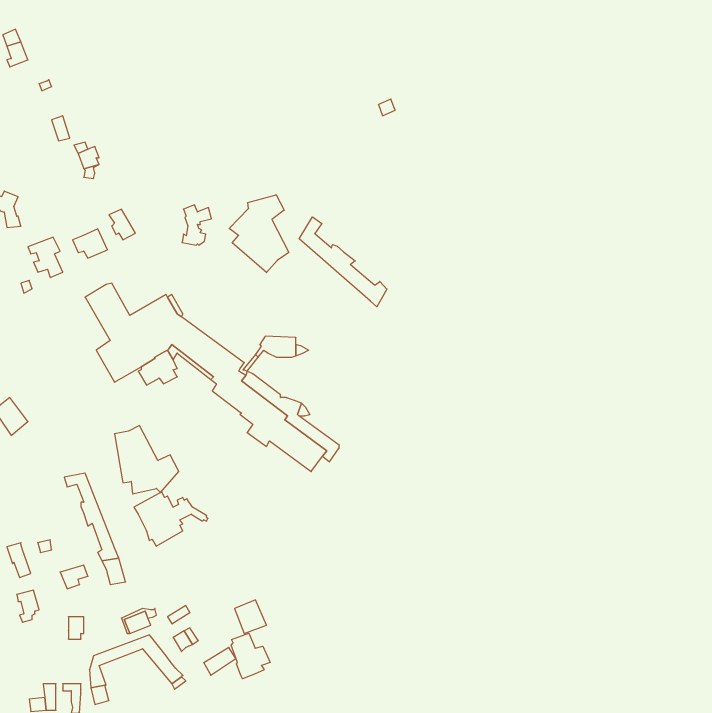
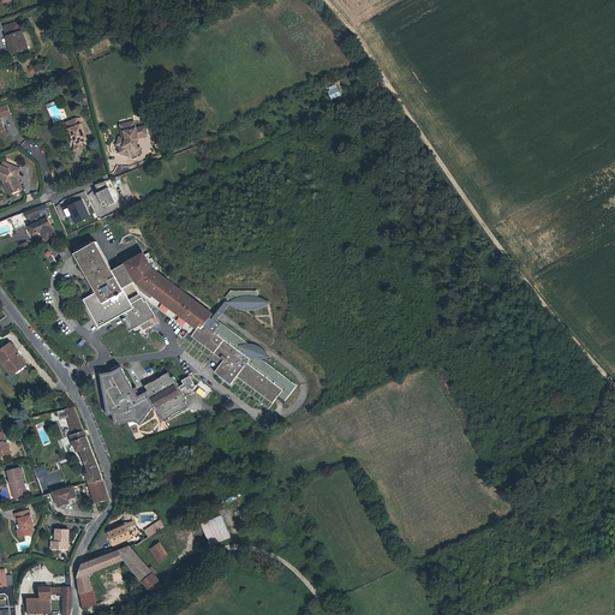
building: [229,195,289,273] -> none
building: [182,205,211,245] -> [121,123,147,157]
building: [299,217,387,307] -> none
building: [134,492,208,546] -> [143,372,207,419]
building: [231,633,270,679] -> none

